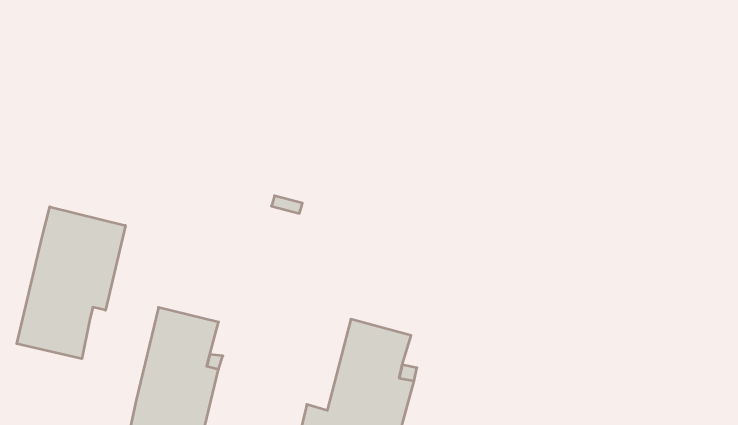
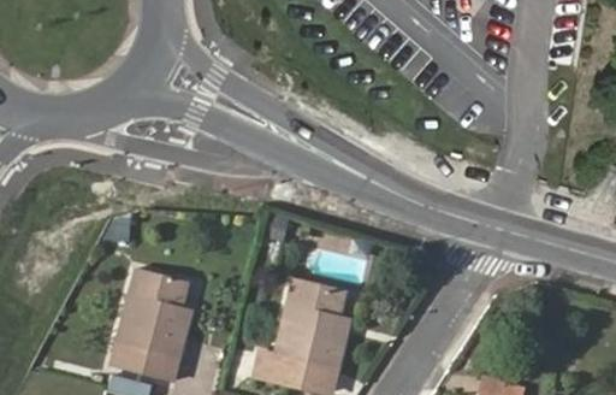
building: [17,207,125,359] -> none

